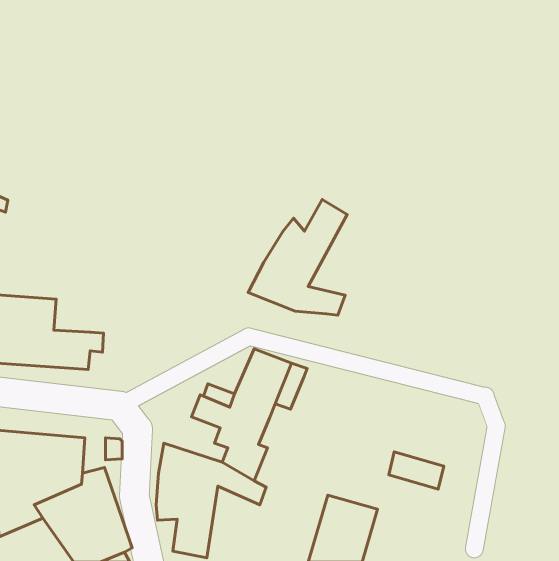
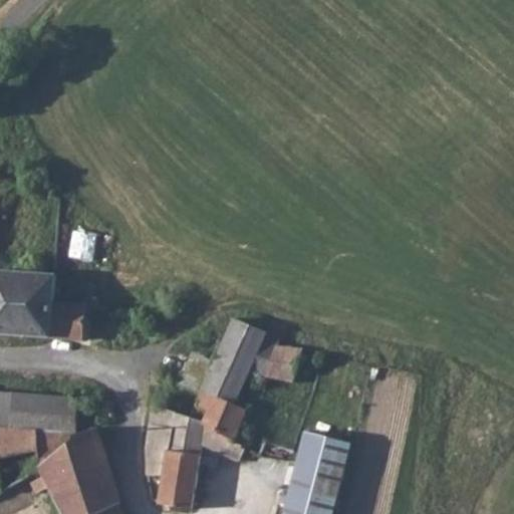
building: [248,199,347,315] -> none
building: none -> [265,345,303,382]
building: [389,452,444,489] -> [299,432,349,466]

